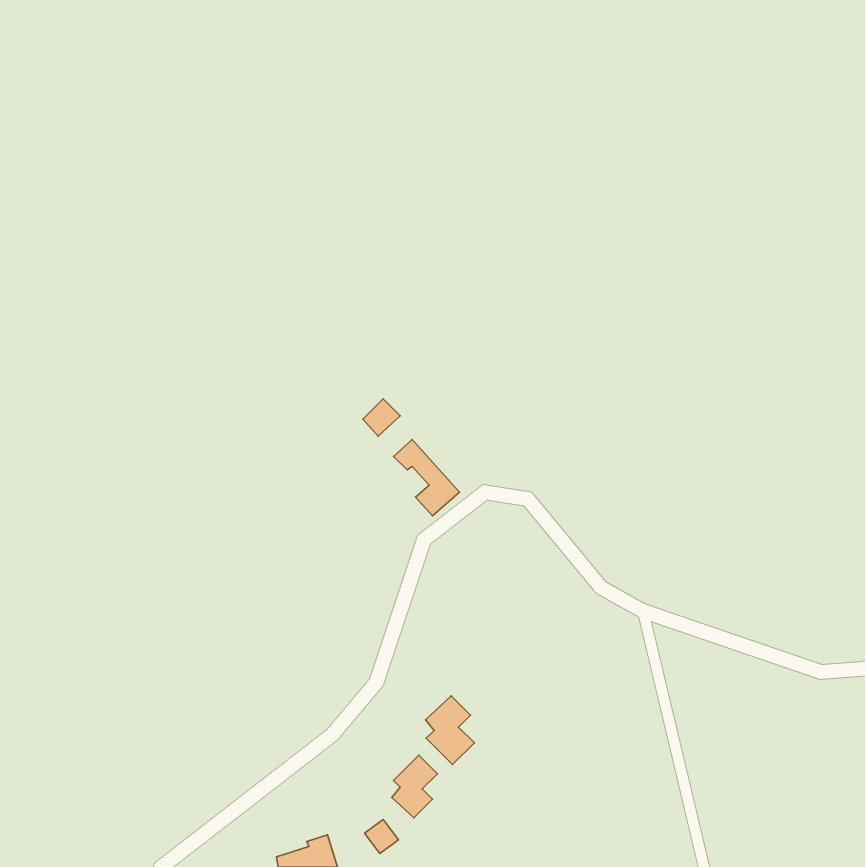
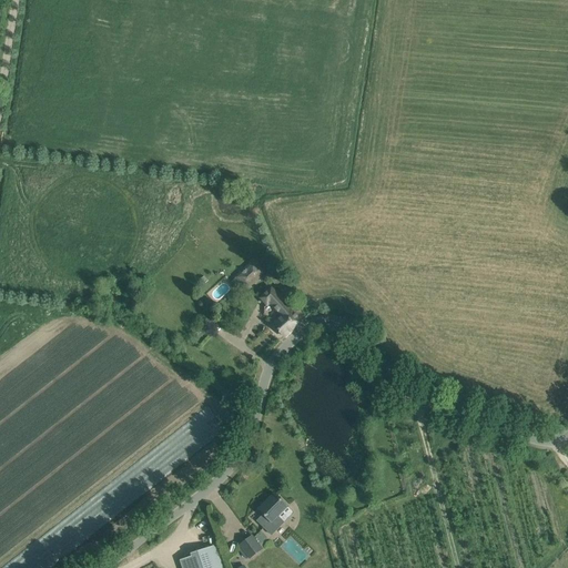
building: [426,696,474,765] -> none

